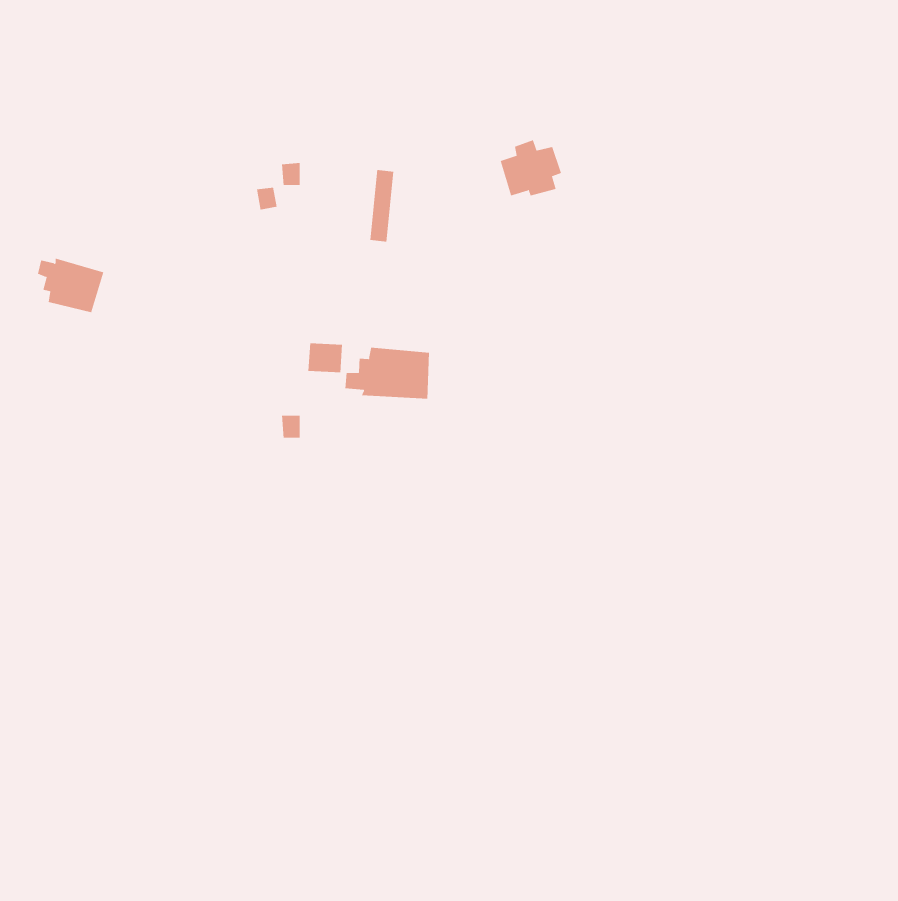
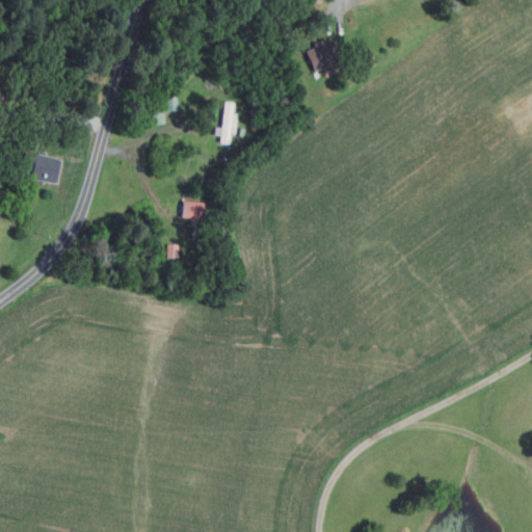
building: [500,140,562,196] -> [305,38,342,72]
building: [345,347,429,399] -> none

